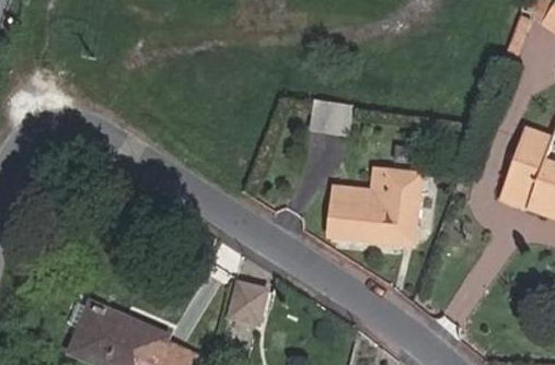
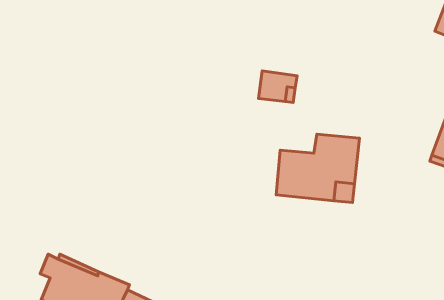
building: [229,282,267,325] -> none

